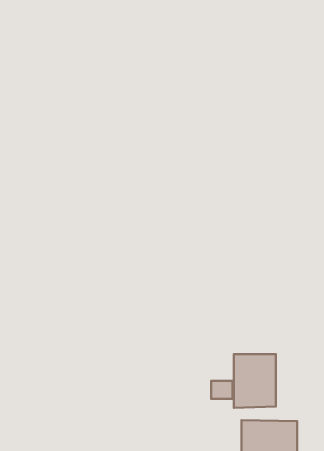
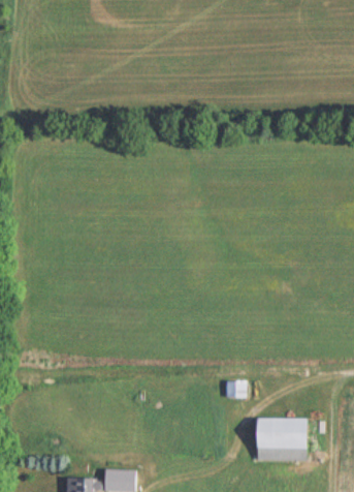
building: [234,354,276,408] -> none

